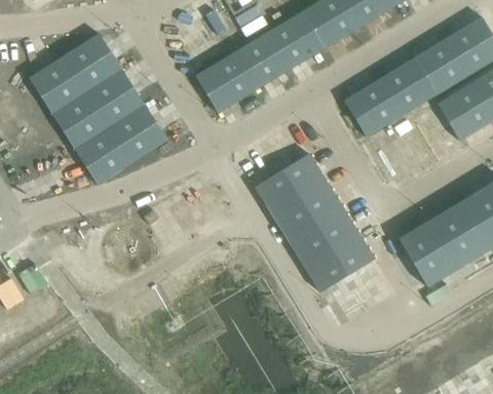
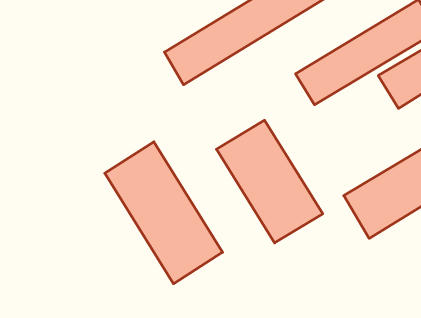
building: [30,34,166,184] -> none
building: none -> [105,142,223,284]

